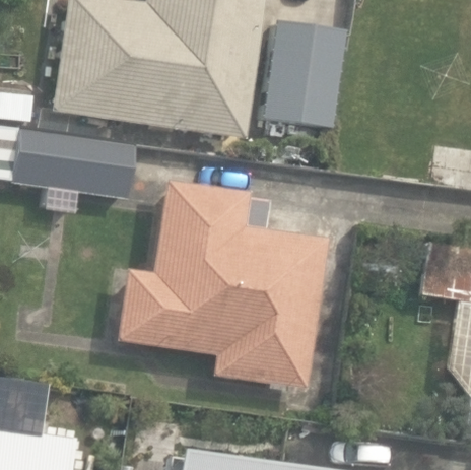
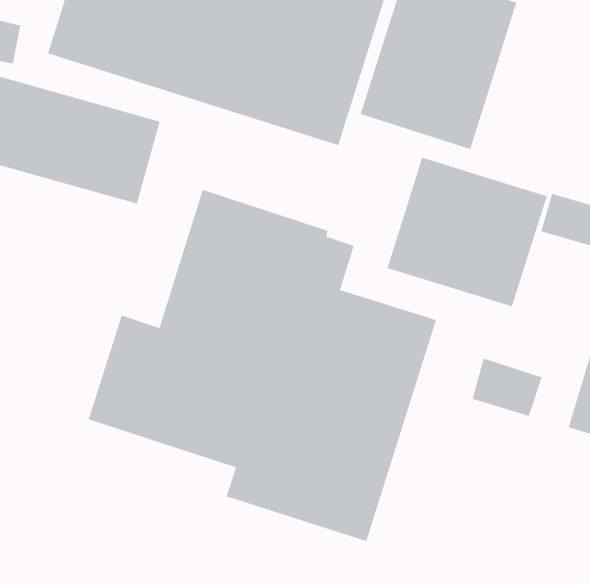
building: none -> [387,157,547,307]

